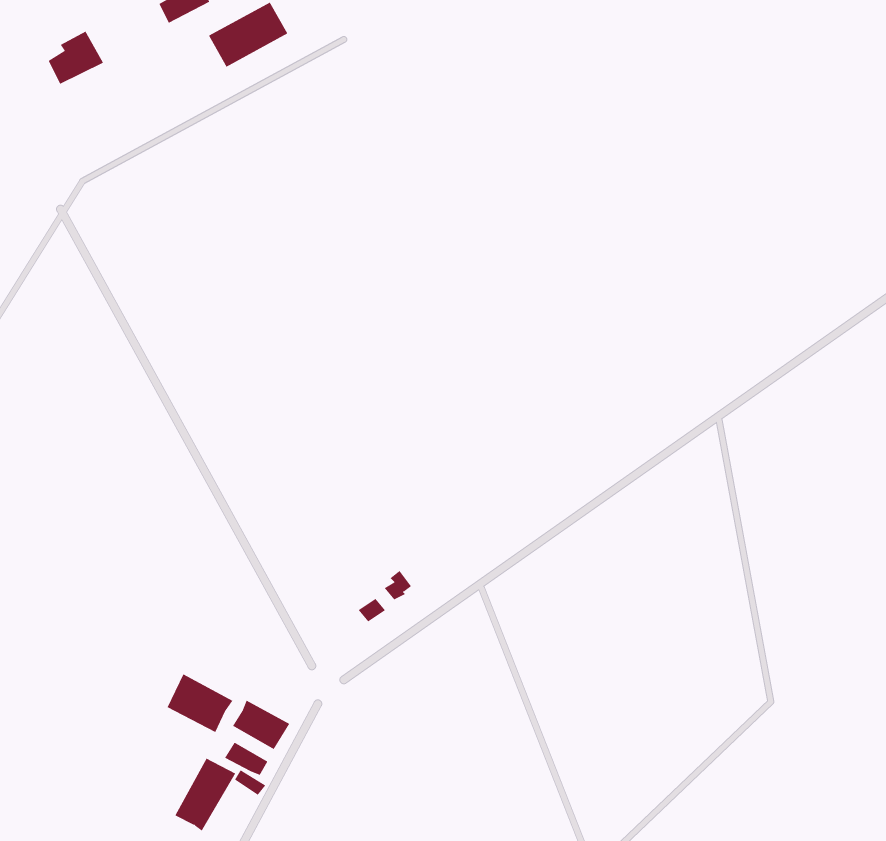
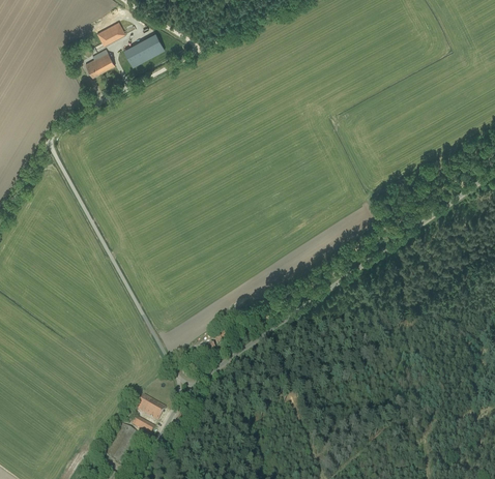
building: [48,31,104,85] -> [86,50,115,78]
building: [167,673,233,733] -> none

